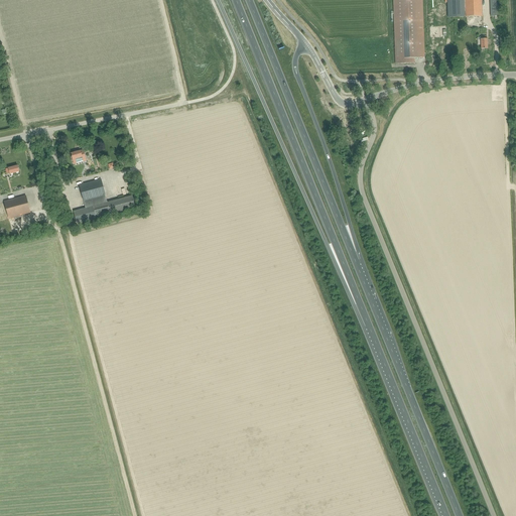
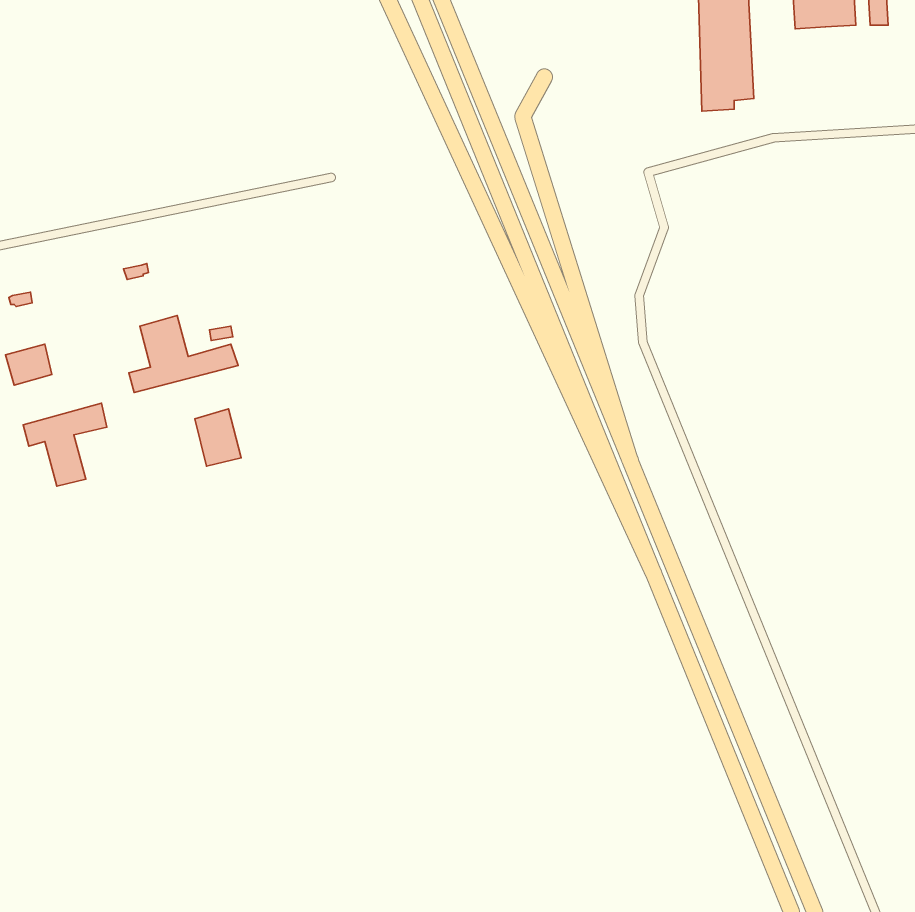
building: none -> [23,403,107,486]
building: none -> [195,409,241,466]

